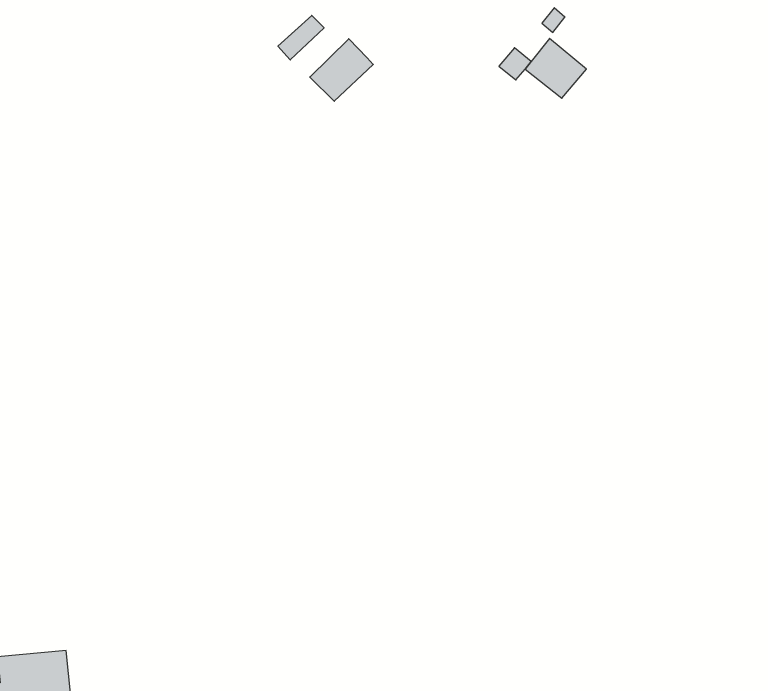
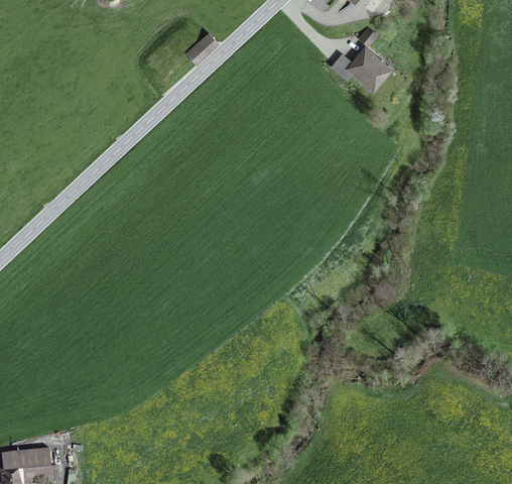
building: [310,39,373,101] -> none

